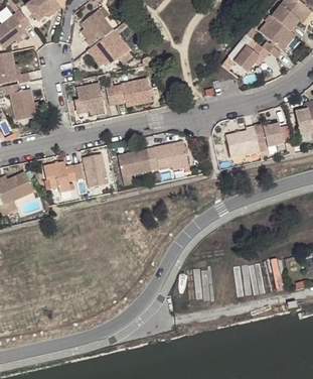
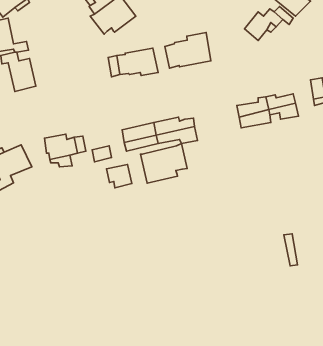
building: none -> [165,33,211,68]
building: [74,82,107,114] -> none
building: [82,153,106,175] -> [106,164,132,188]
building: none -> [140,144,187,183]

